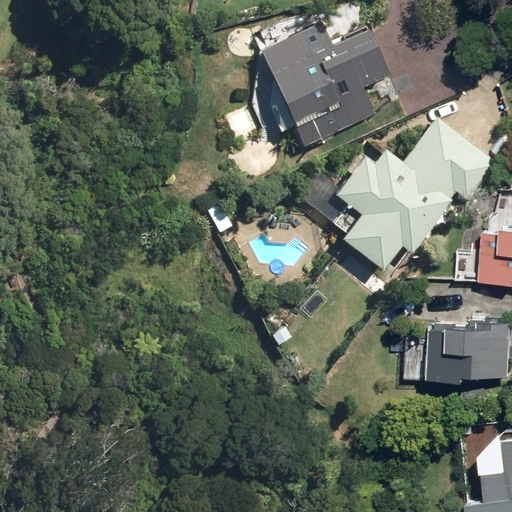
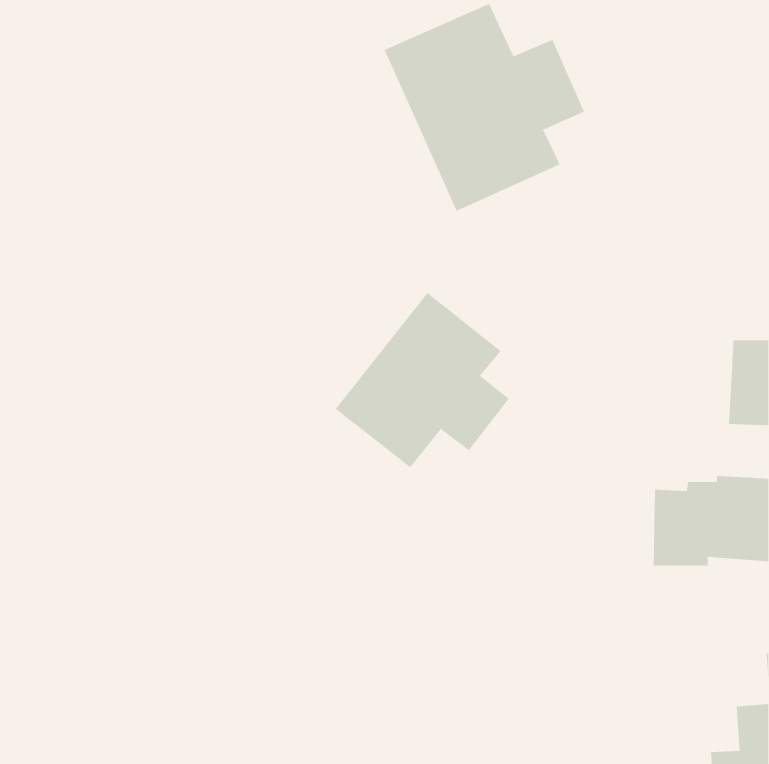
building: [336,119,490,270] -> none
building: none -> [335,292,510,468]

